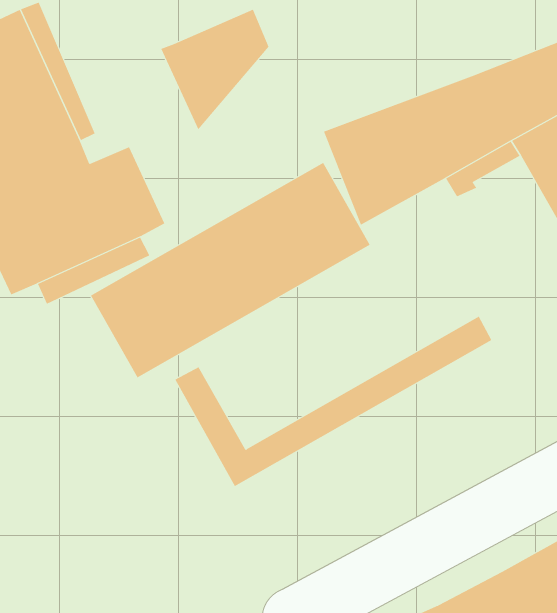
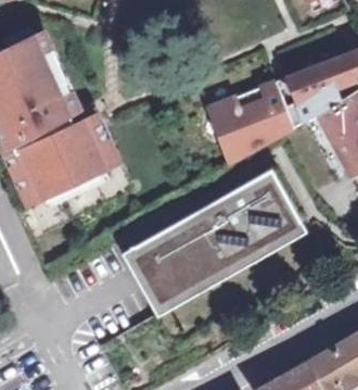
building: [160,9,269,130] -> none
building: [90,162,370,378] -> [135,166,296,291]

